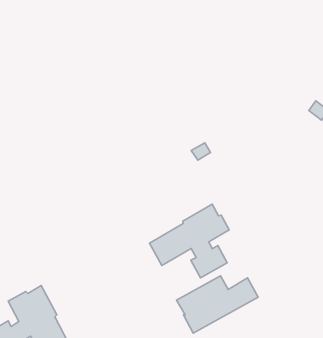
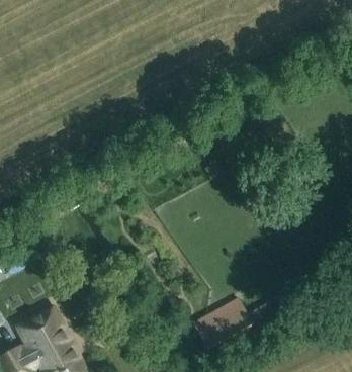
building: [149,204,229,278] -> none

